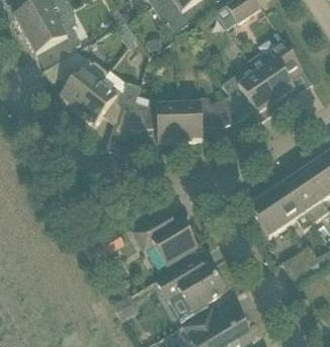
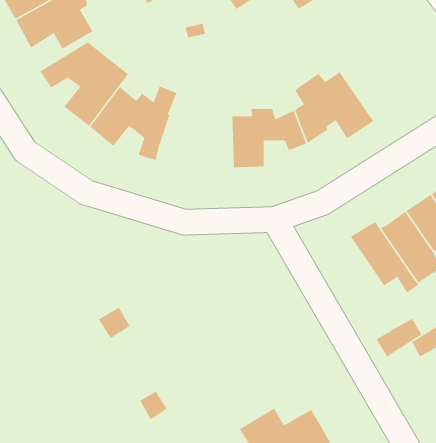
building: [250,42,304,107] -> none
building: [128,99,180,141] -> none
building: [245,189,287,237] -> none
building: [135,212,196,264] -> none
building: [157,261,225,321] -> none

